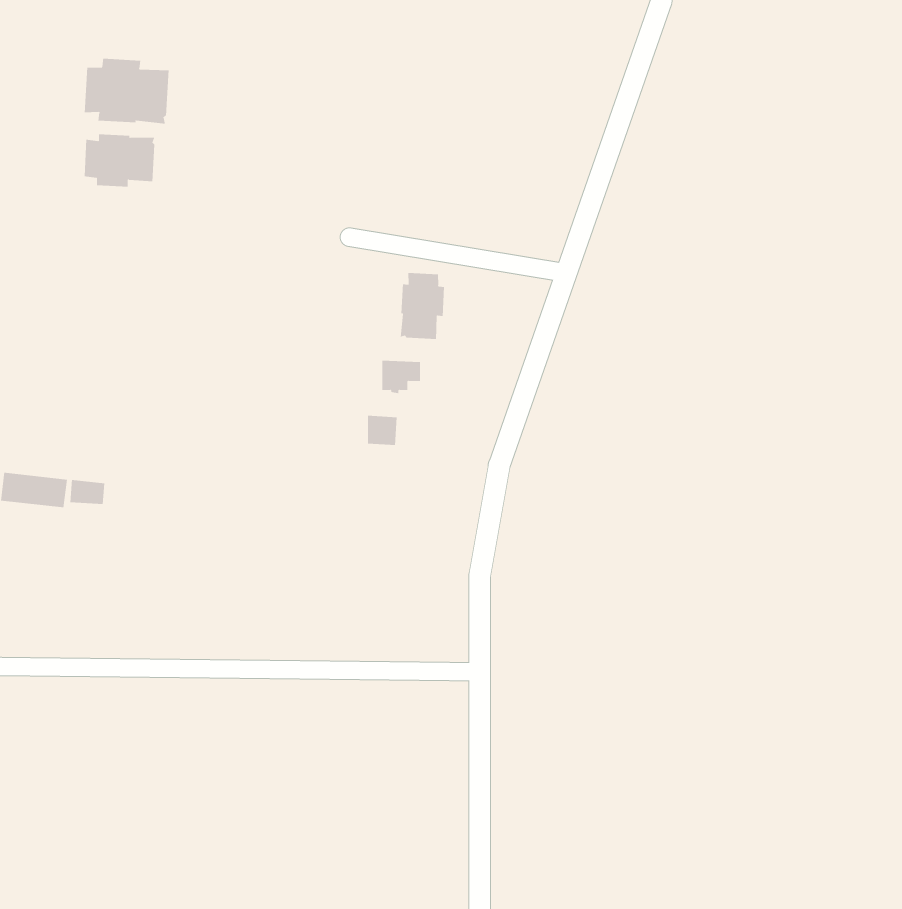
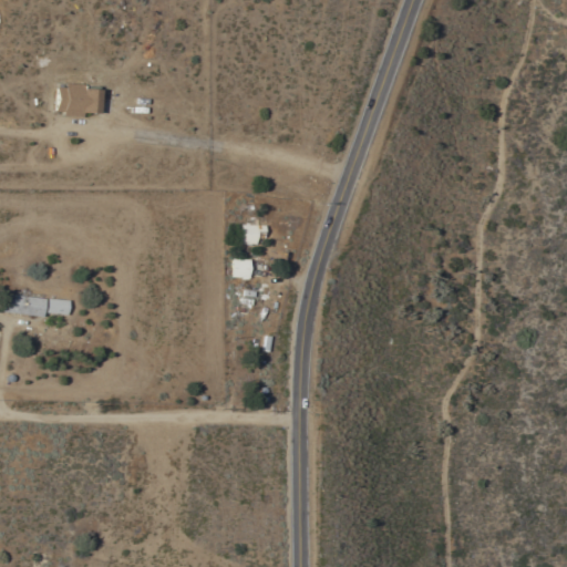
building: [84,58,169,124] -> none
building: [400,272,444,340] -> none

